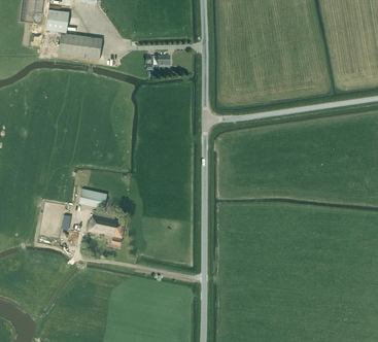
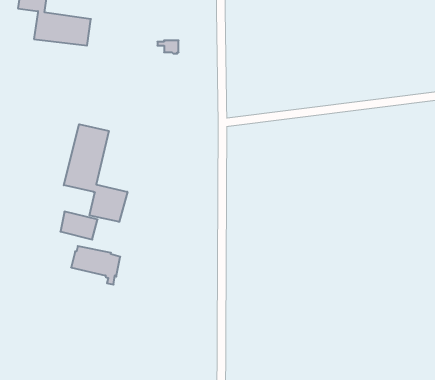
building: none -> [64,124,127,222]

